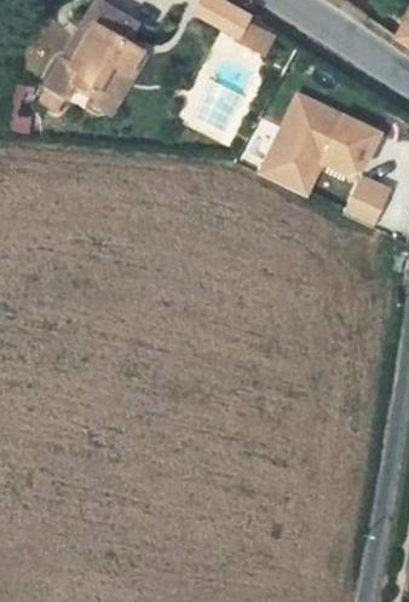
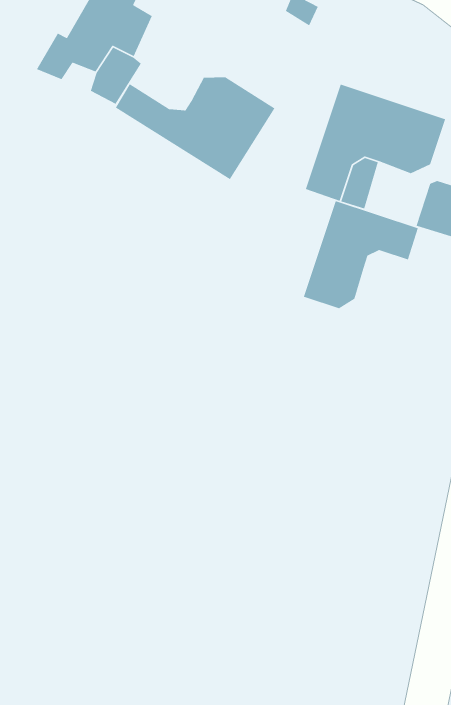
building: none -> [115,77,276,180]
building: none -> [303,200,419,309]

